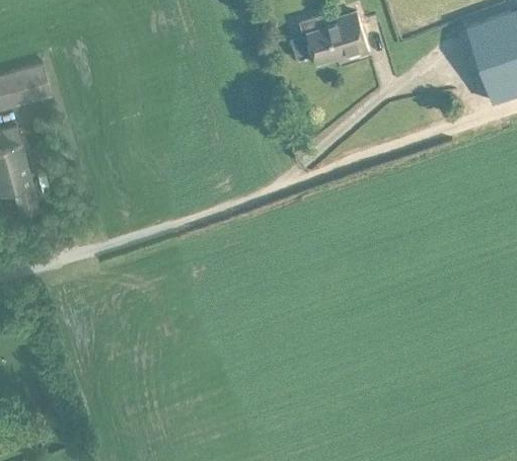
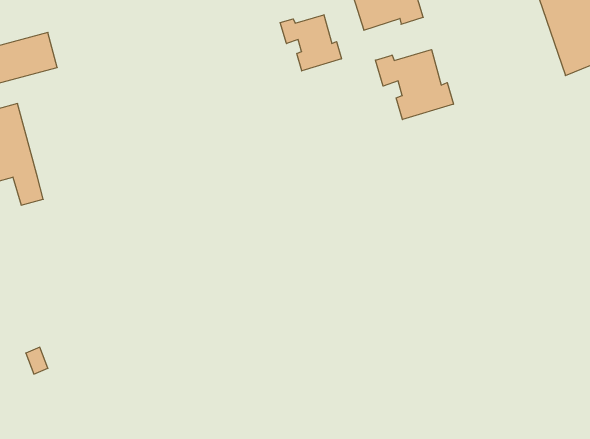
building: none -> [280,15,341,71]
building: none -> [375,50,453,120]

